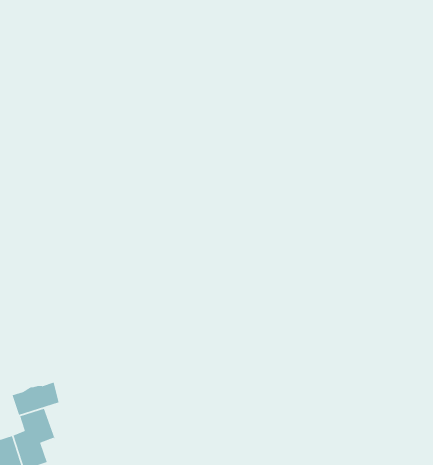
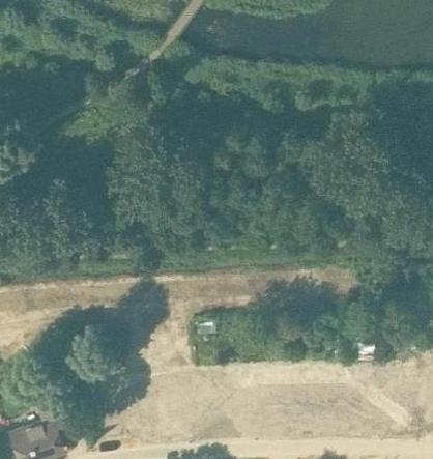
building: [12,382,60,416] -> none

